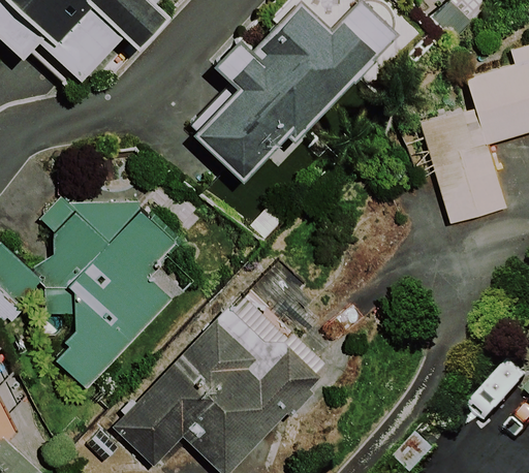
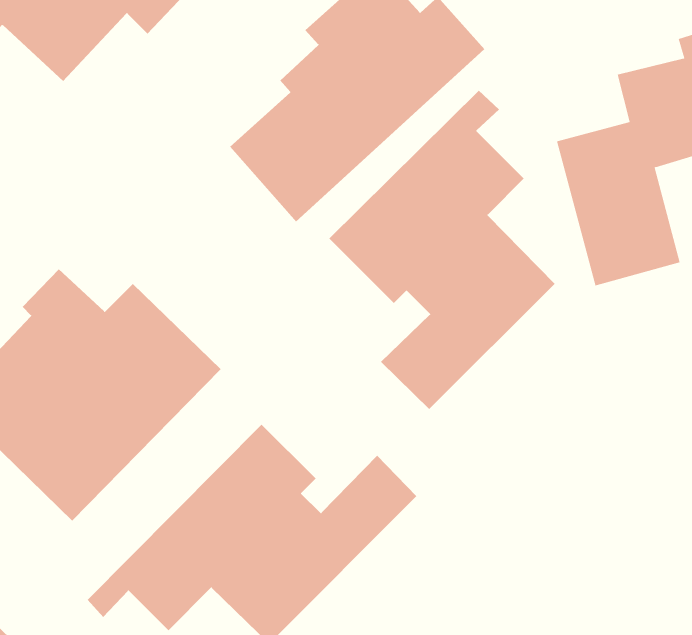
building: none -> [329,90,555,410]

